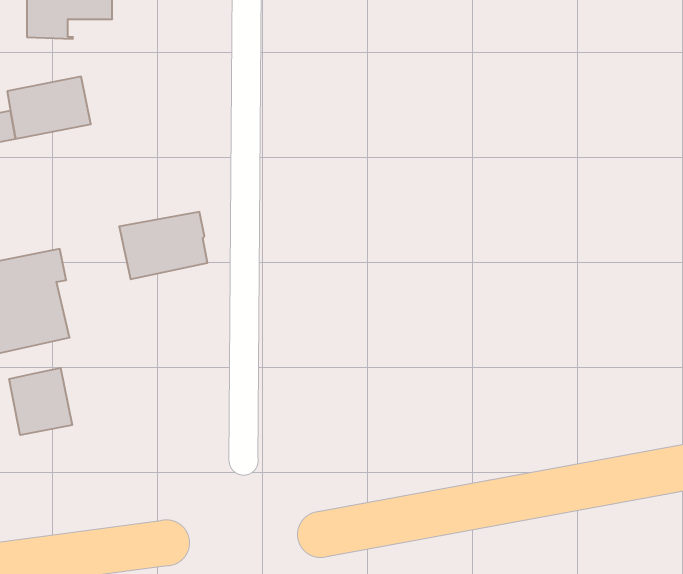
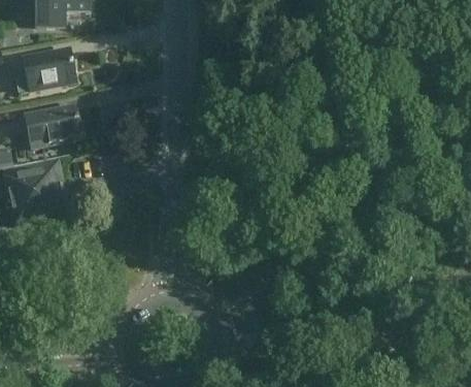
building: [119,212,208,279] -> [25,104,80,147]
building: [9,368,72,435] -> none

